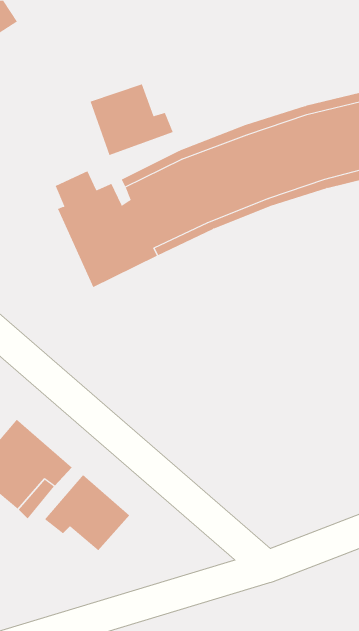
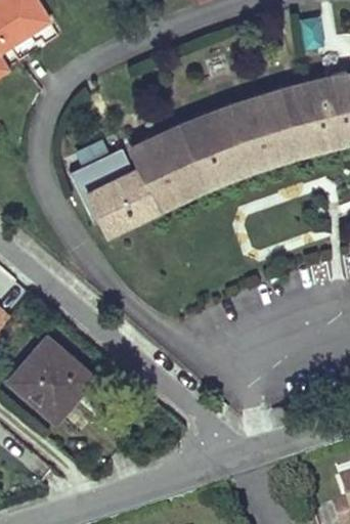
building: [90,83,174,156] -> none
building: [44,474,130,551] -> none

